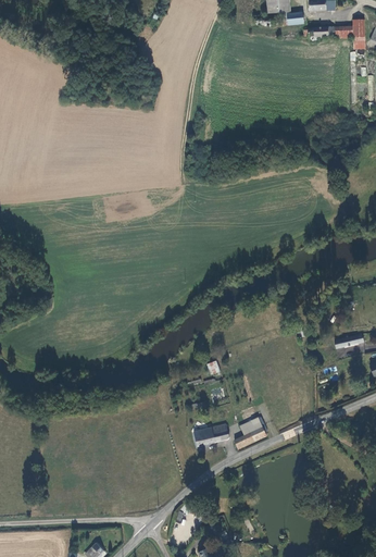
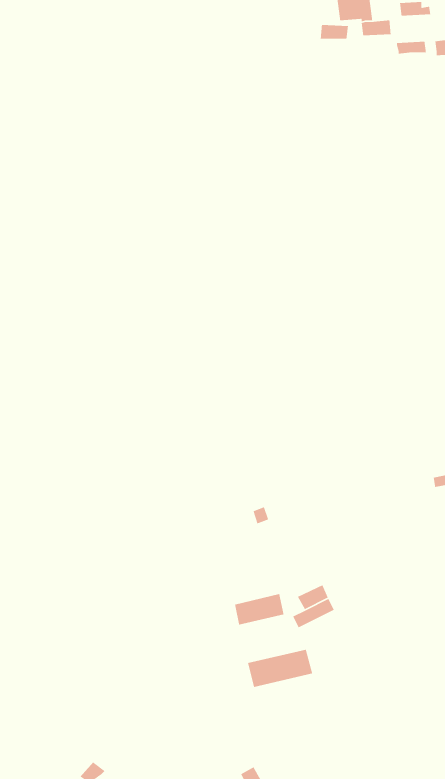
building: none -> [247,649,313,688]

